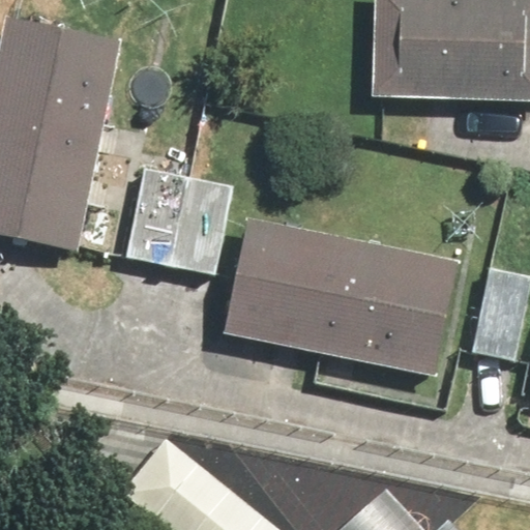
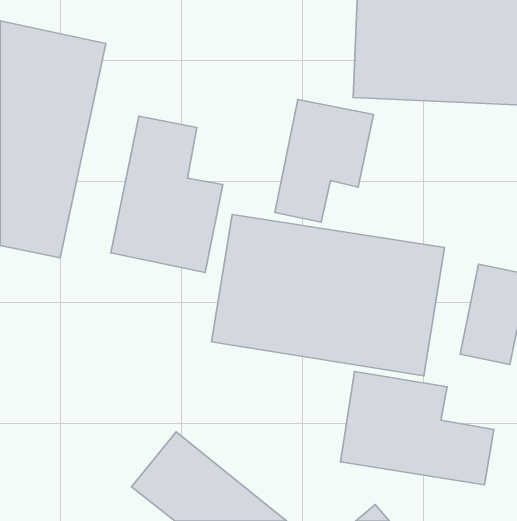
building: none -> [275,99,373,222]
building: none -> [341,371,494,485]

